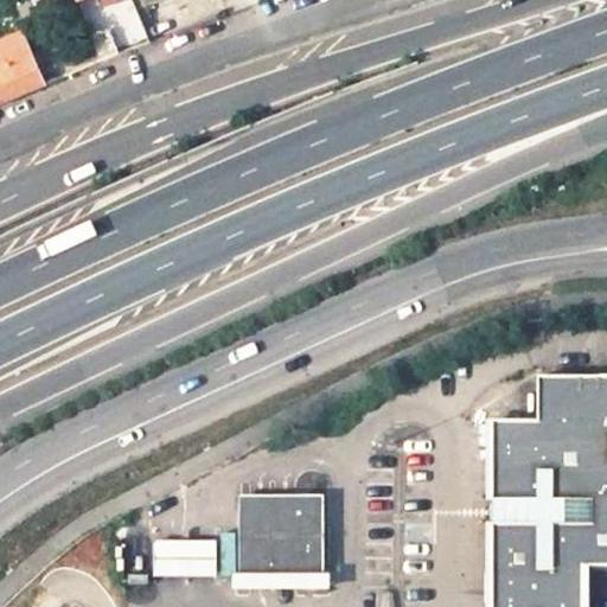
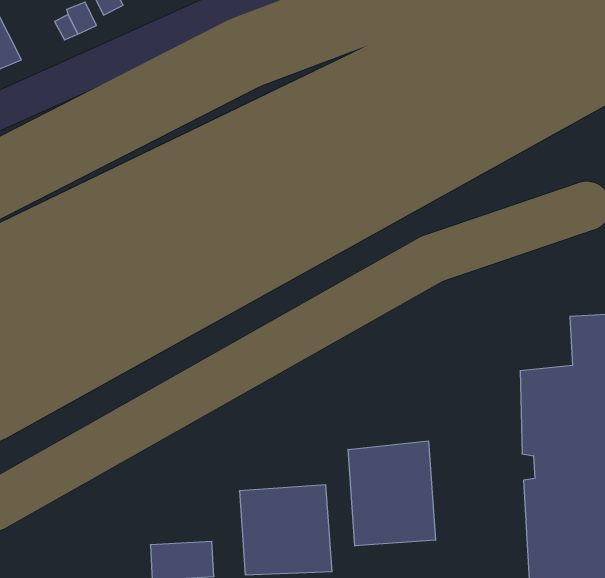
building: none -> [348,441,436,546]

